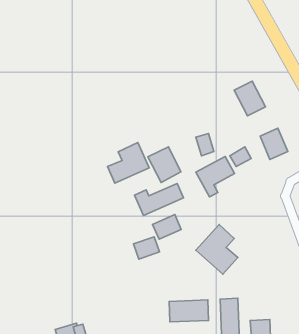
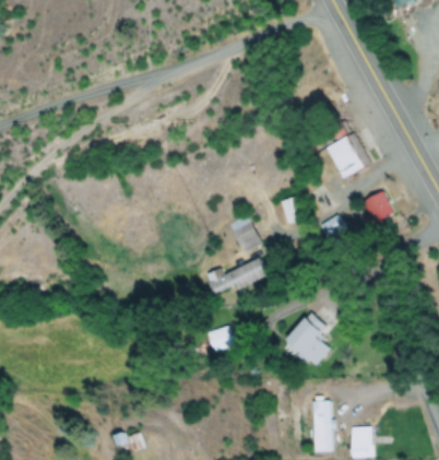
building: [107,143,149,183] -> none
building: [196,156,235,197] -> none
building: [153,215,181,239] -> none
building: [169,300,208,322] -> none

